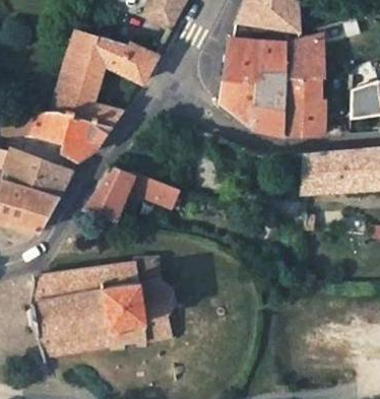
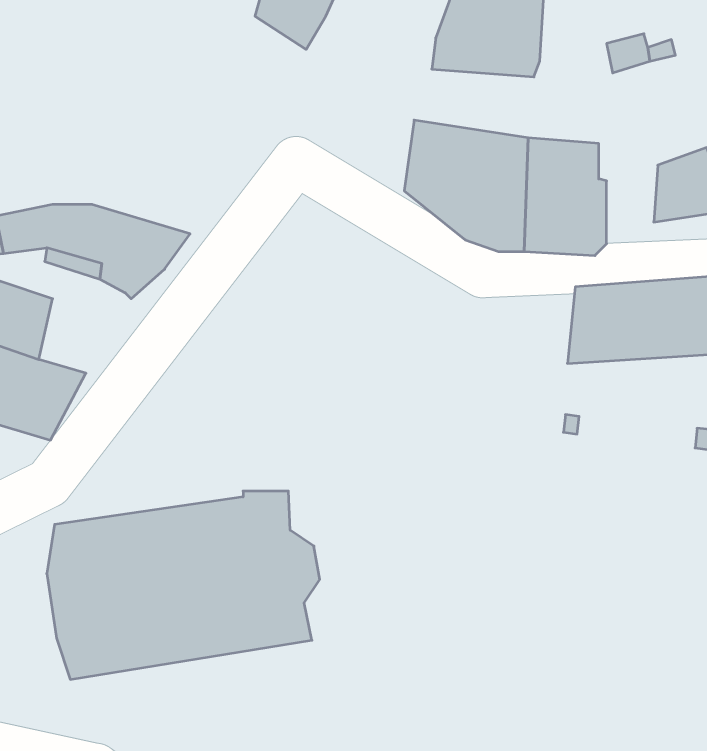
building: [52,31,155,125] -> none
building: [226,36,321,78] -> none
building: [31,158,69,197] -> none
building: [86,167,185,226] -> none

